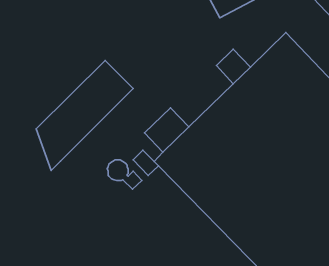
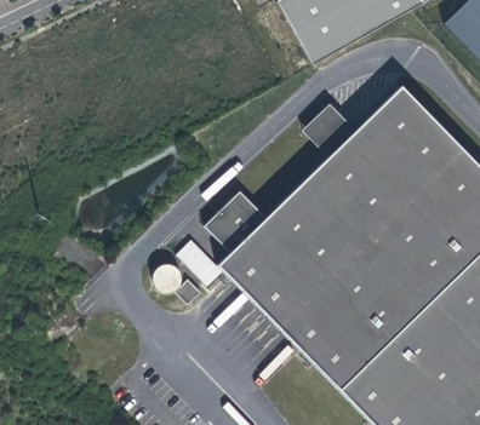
building: [36,60,133,171] -> none

